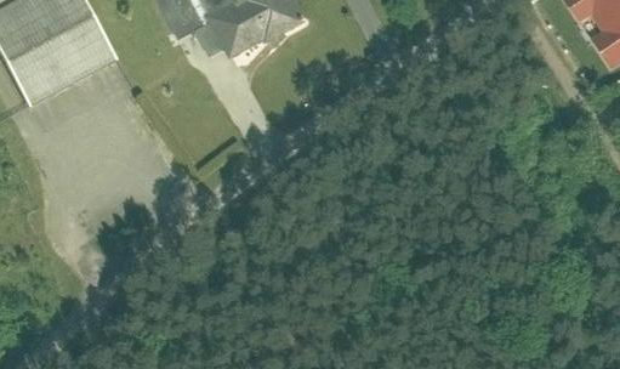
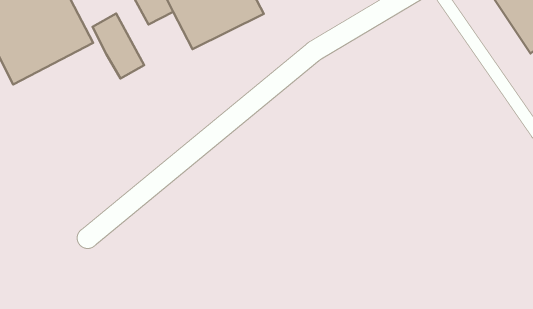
building: none -> [93,14,144,78]

